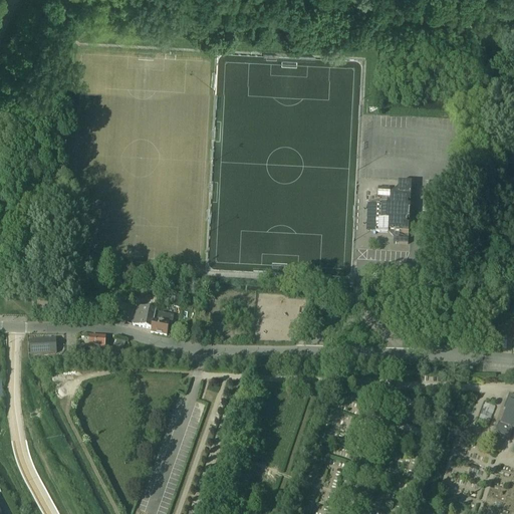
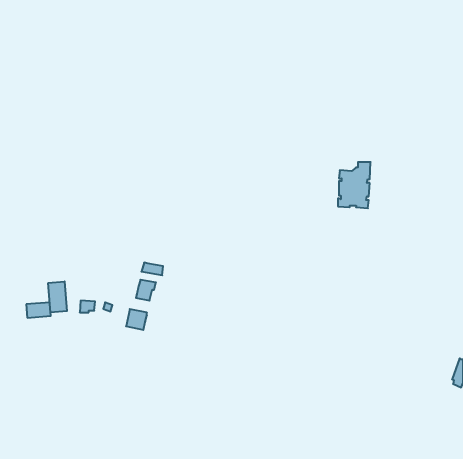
building: [133,303,156,326] -> [126,309,147,330]
building: none -> [48,281,67,313]

